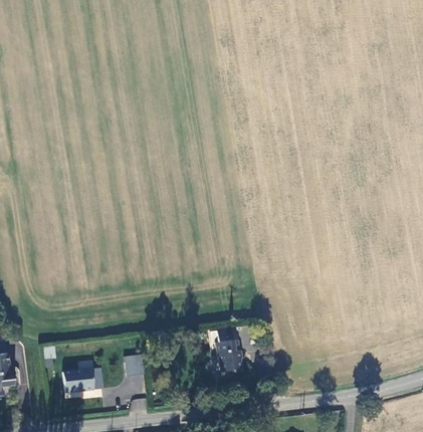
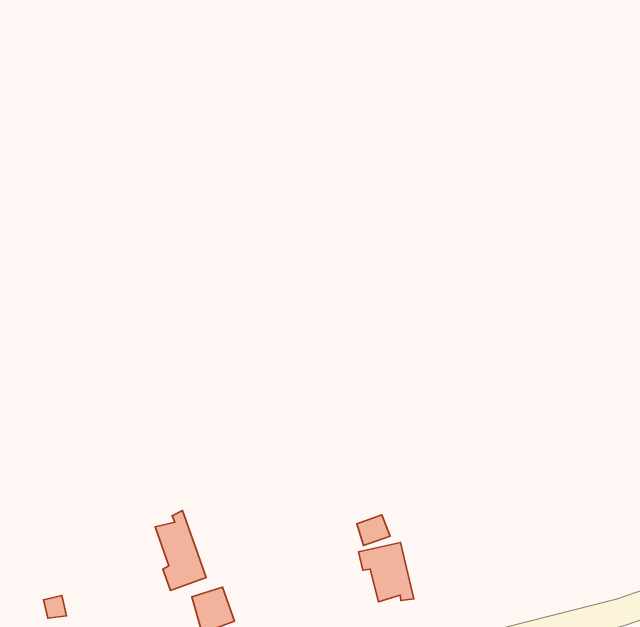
building: none -> [155,510,206,591]

